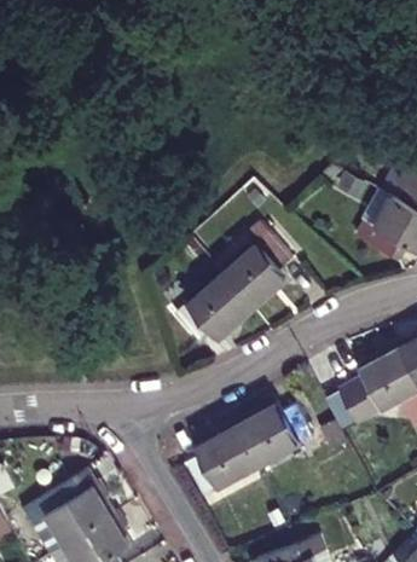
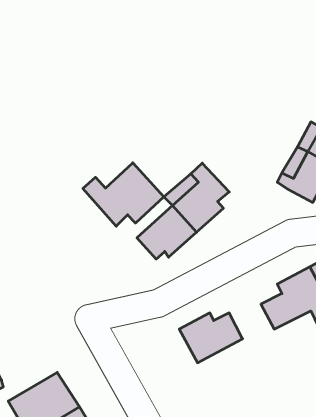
building: none -> [83,163,164,226]
building: [184,424,257,497] -> none

